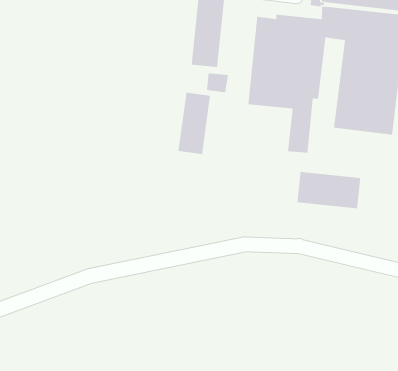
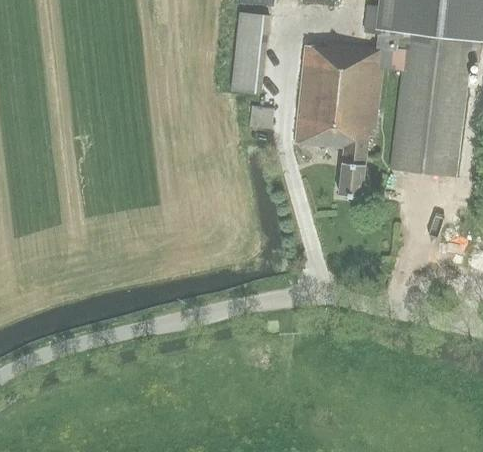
building: [178,92,211,155] -> none
building: [297,171,361,209] -> none

